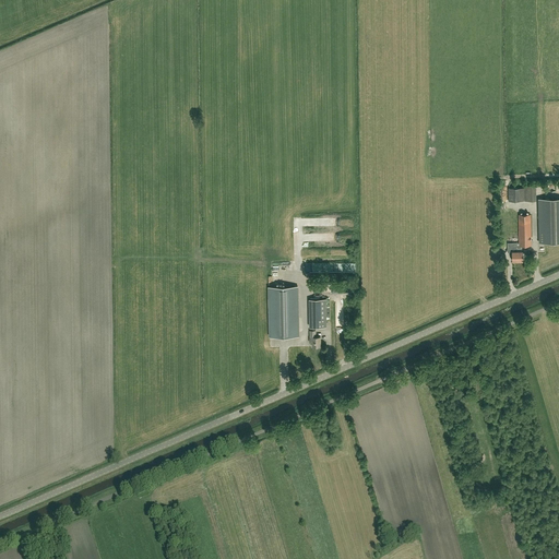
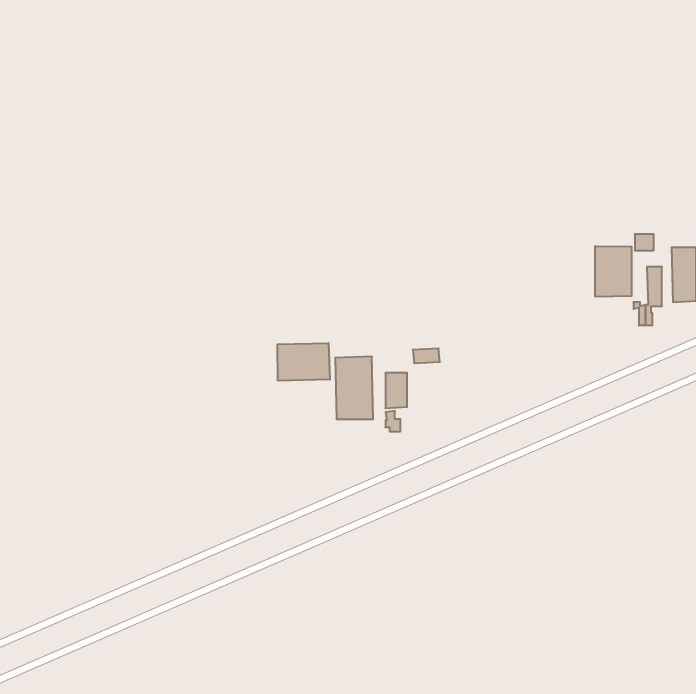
building: none -> [595,246,632,297]
building: none -> [278,343,330,381]

